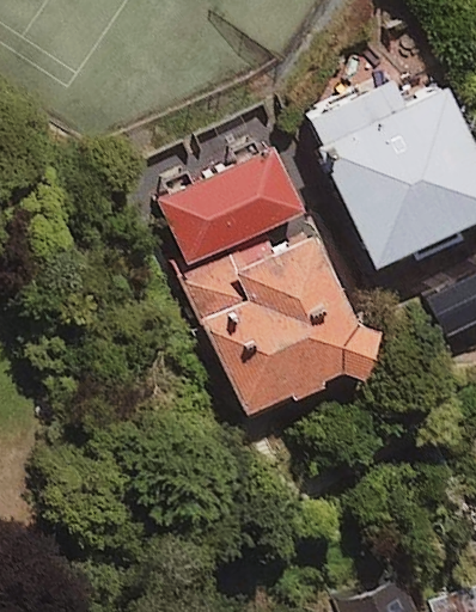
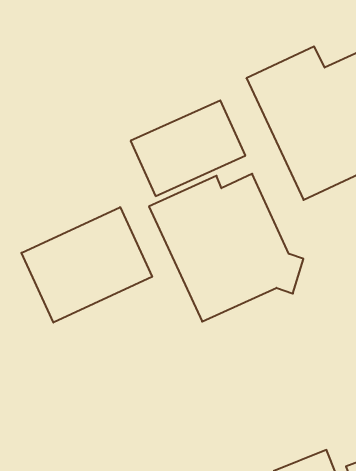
building: none -> [21,207,152,323]

